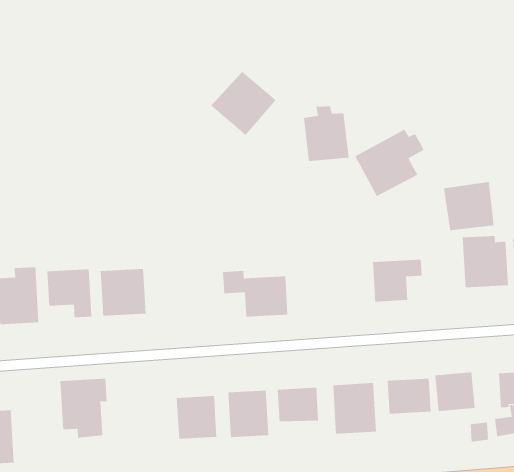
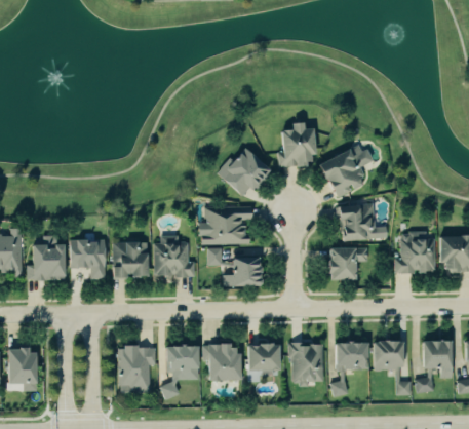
building: [210,71,276,136] -> [219,147,271,198]
building: [443,182,495,231] -> [338,203,377,240]
building: none -> [203,205,251,242]
building: none -> [156,236,195,276]
building: [60,378,108,438] -> [122,346,159,392]

